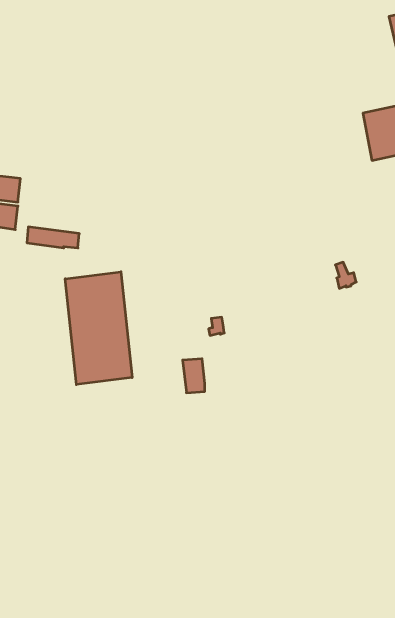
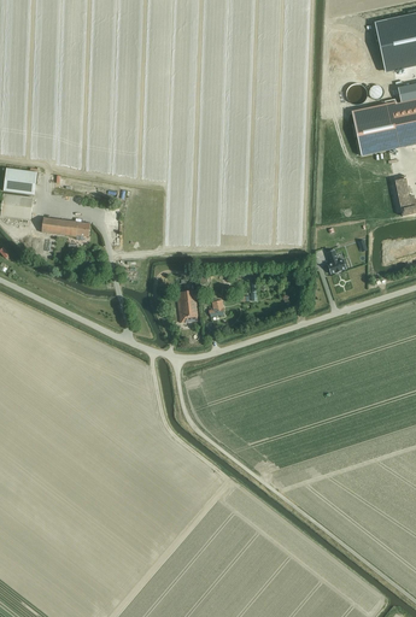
building: [65,272,132,385] -> none
building: [183,359,205,393] -> [176,290,197,322]

